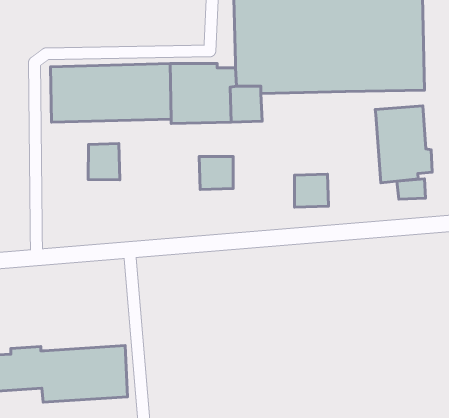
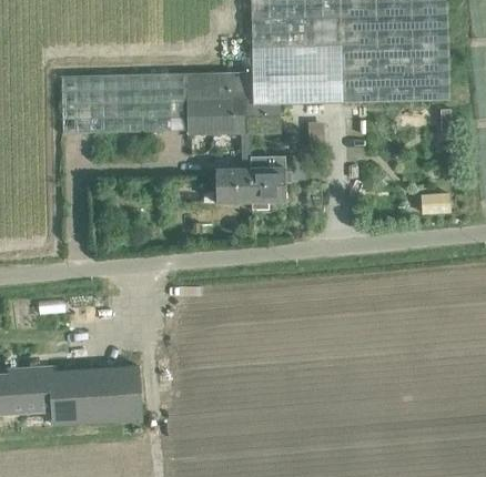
building: [375,106,432,183] -> none
building: [88,144,120,180] -> none
building: [294,174,329,207] -> [251,168,286,202]

